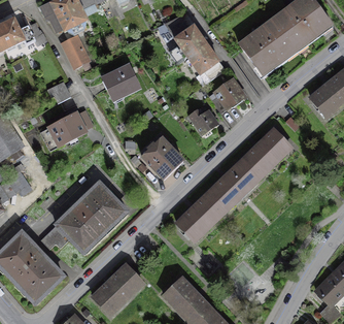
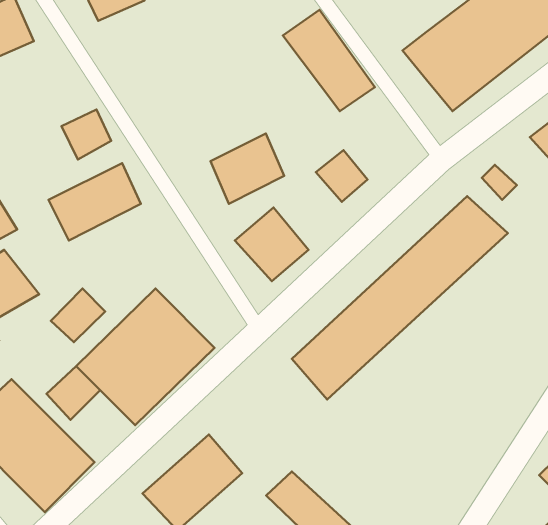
building: [58,35,89,69] -> none
building: [101,63,142,102] -> [210,134,284,204]
building: [211,82,244,114] -> none
building: none -> [51,288,105,342]

